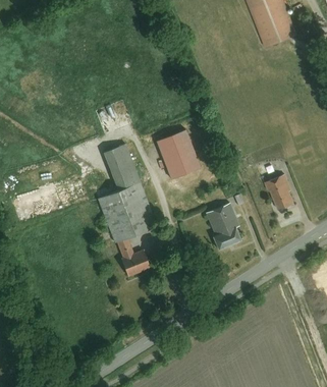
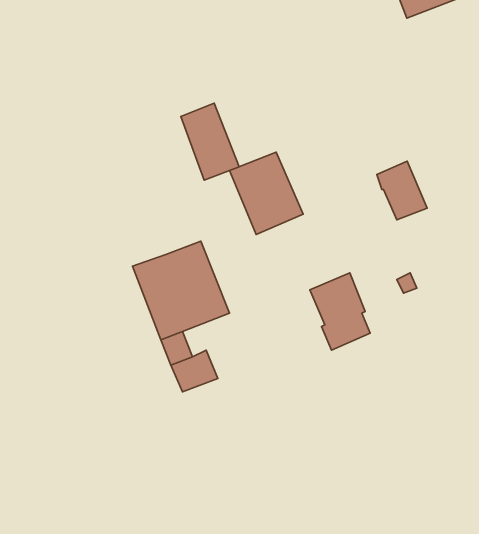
building: [104,145,140,191] -> [181,103,239,180]
building: [266,174,296,210] -> [377,161,427,220]

